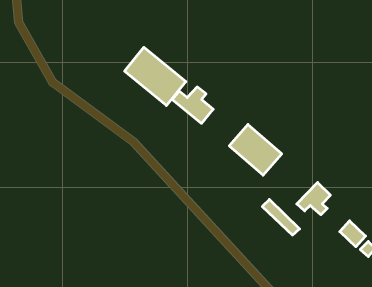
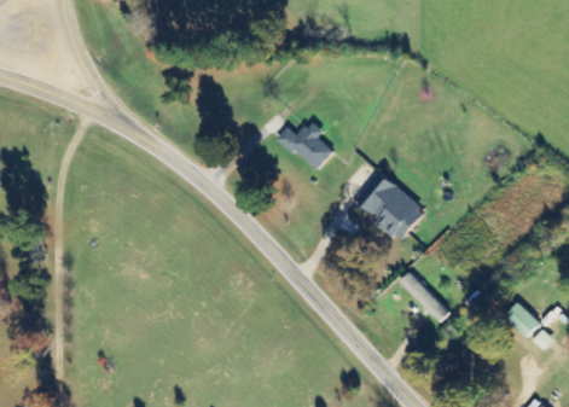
building: [125,47,186,106] -> none
building: [297,182,330,215] -> none

